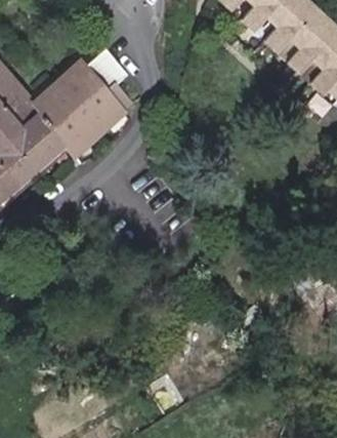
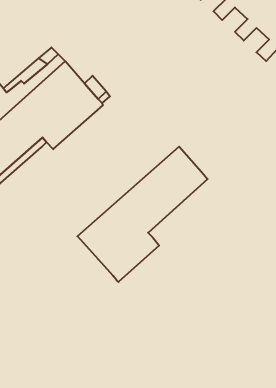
building: none -> [77,147,208,282]

